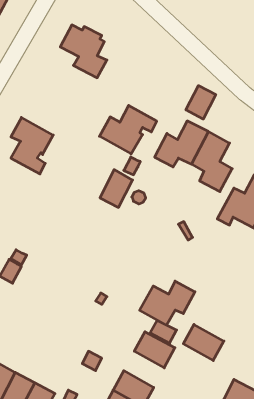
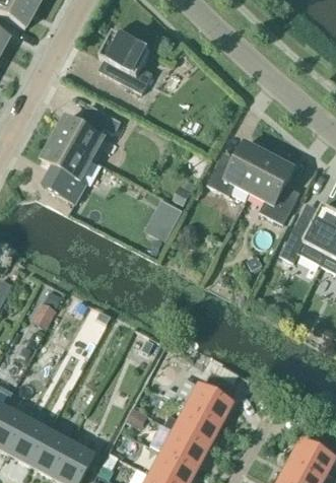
building: [186,86,216,119] -> none
building: [99,105,157,154] -> [56,101,122,157]
building: [140,281,195,325] -> none
building: [183,324,224,361] -> [174,406,220,447]

